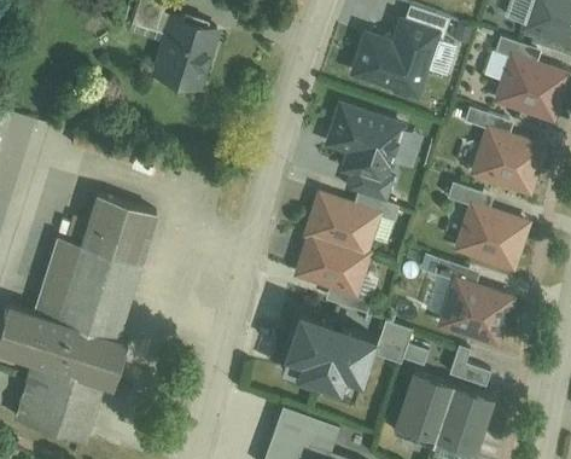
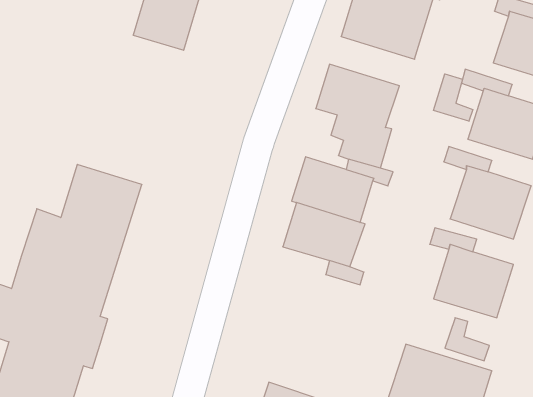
building: none -> [433,74,473,121]
building: [274,306,372,395] -> none
building: [373,321,426,365] -> none

